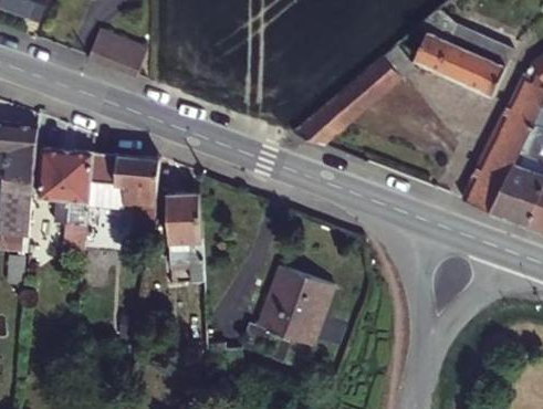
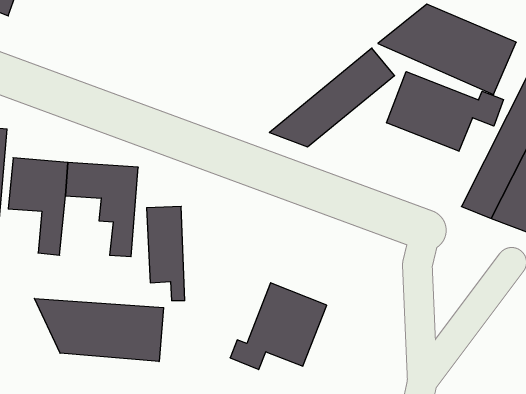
building: [90,30,139,75] -> none
building: none -> [387,72,503,151]
building: none -> [34,298,164,362]

